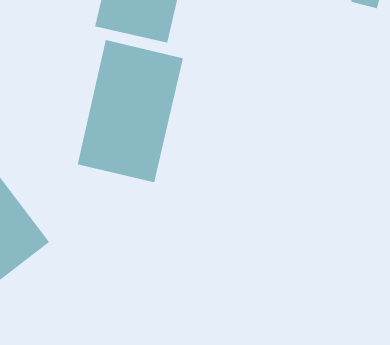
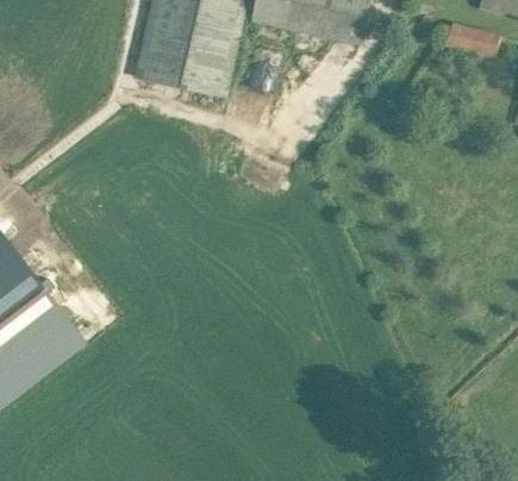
building: [77,39,184,183] -> none

